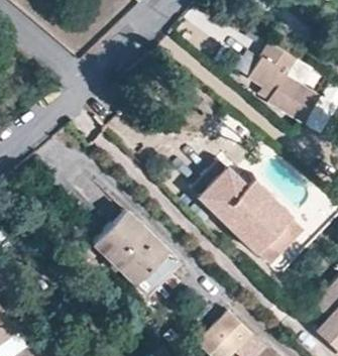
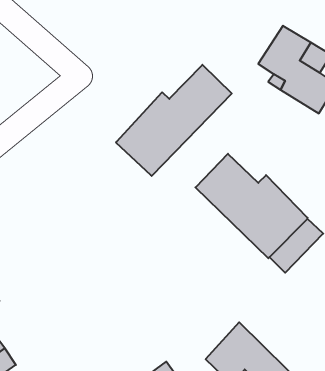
building: none -> [116,65,232,176]
building: [94,210,181,295] -> none

